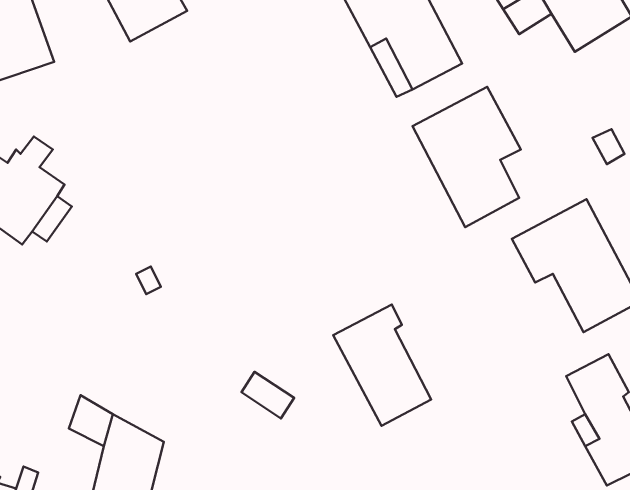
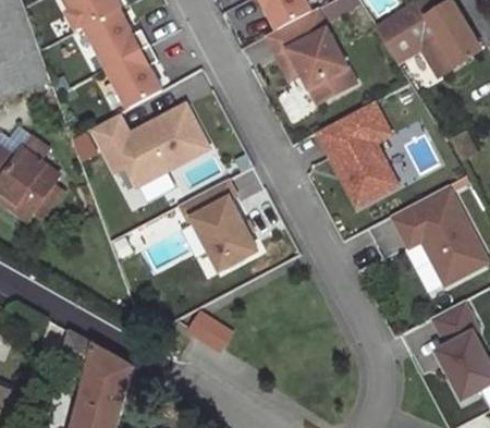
building: none -> [107,45,161,108]
building: none -> [91,105,208,186]
building: [333,304,431,426] -> [183,180,256,270]

